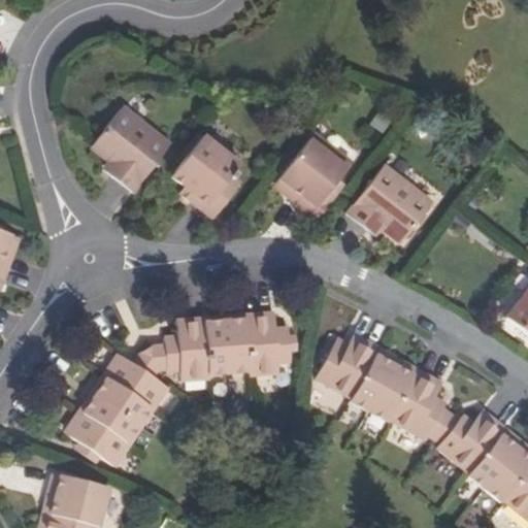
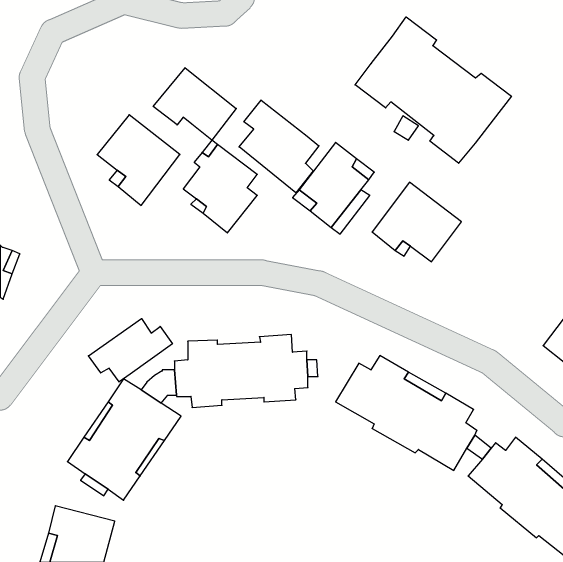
building: none -> [355,17,511,163]
building: none -> [153,68,236,140]
building: none -> [239,100,319,193]
building: none -> [88,319,172,382]

